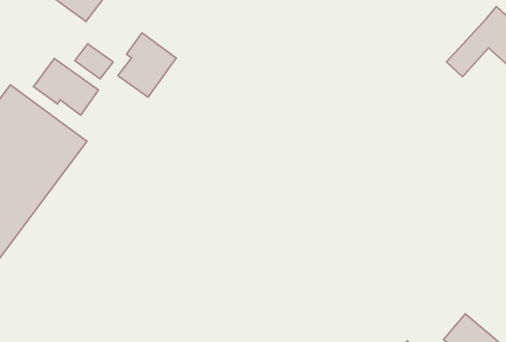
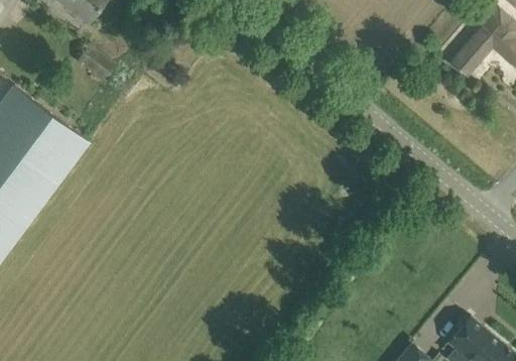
building: [118,33,176,97] -> none
building: [33,58,98,115] -> none

